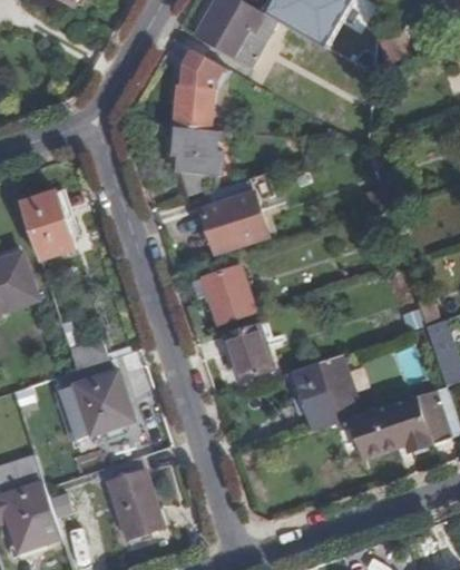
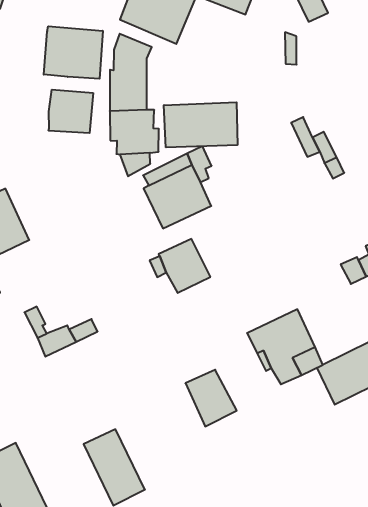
building: none -> [44,26,103,79]
building: none -> [49,90,93,133]
building: none -> [164,102,237,147]
building: [222,325,271,382] -> [185,370,237,426]
building: [76,373,134,435] -> none

